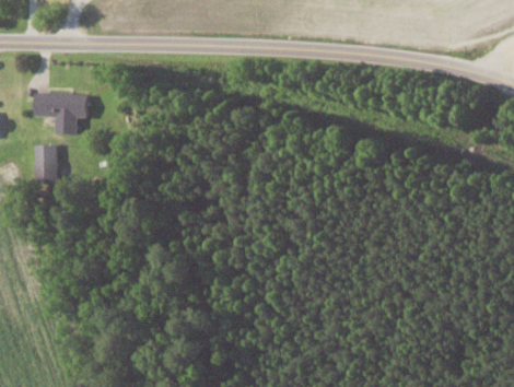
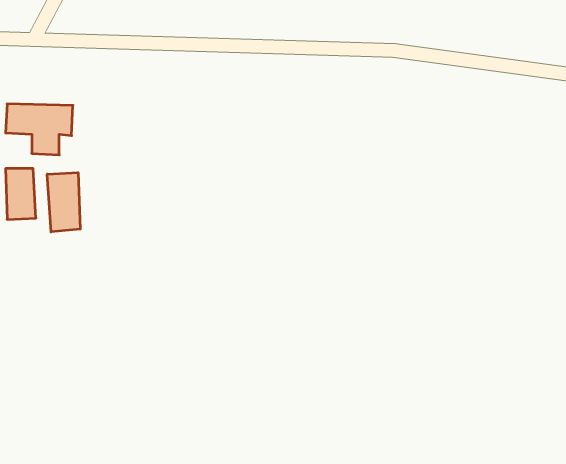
building: none -> [47,173,80,232]

